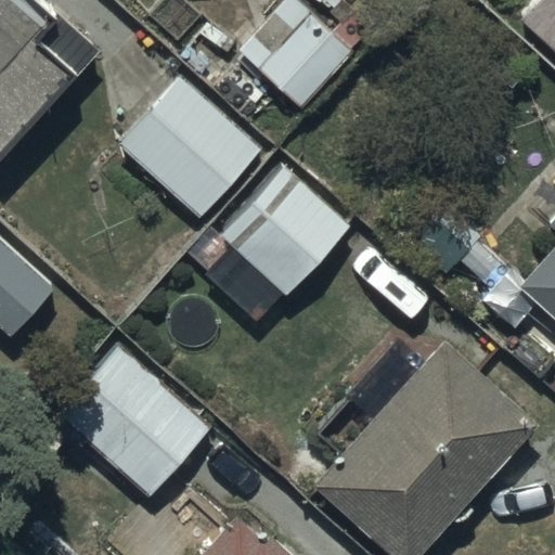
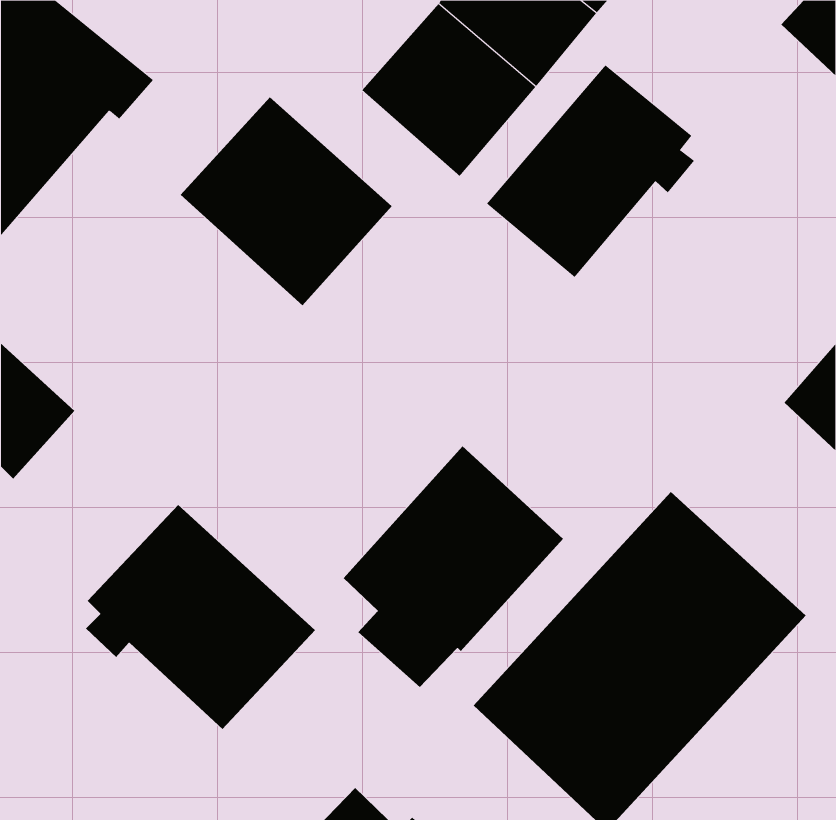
building: none -> [486,64,695,278]
building: [208,178,354,338] -> [343,446,564,688]

